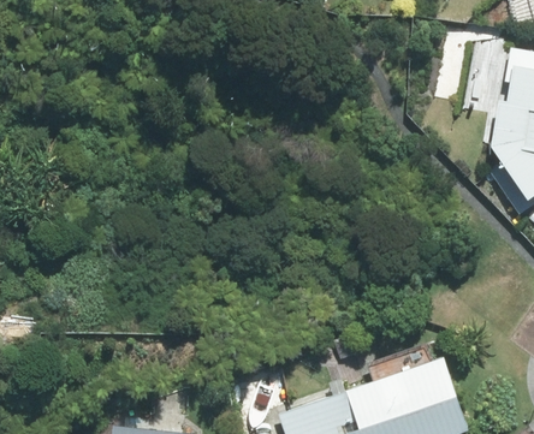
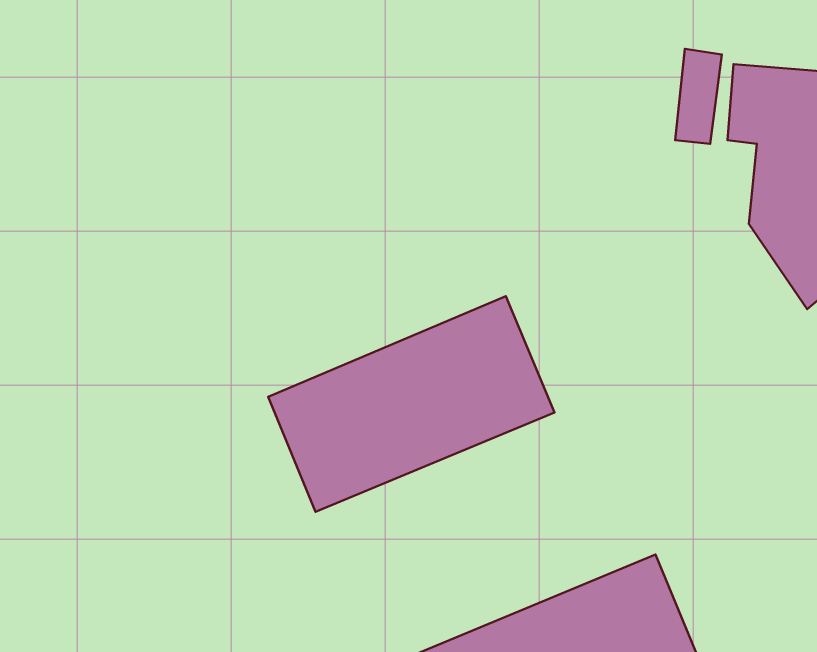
building: none -> [268,296,554,512]

